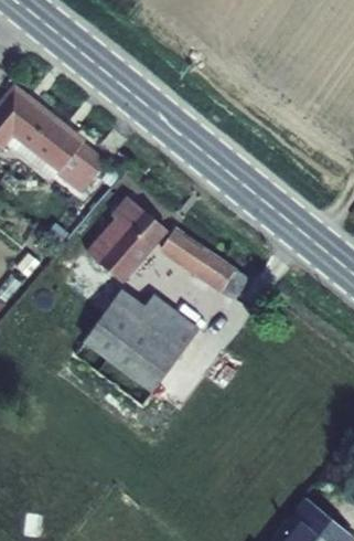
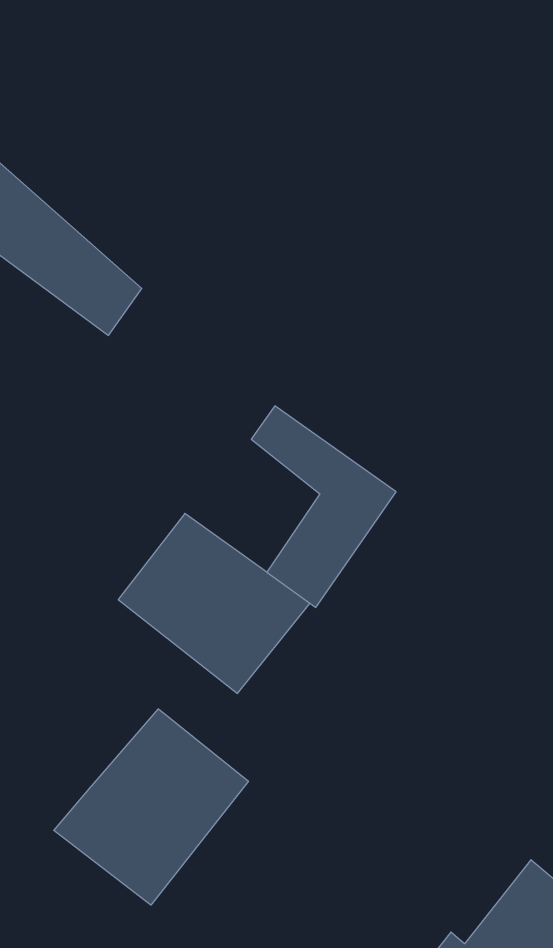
building: [85,195,164,280] -> none
building: none -> [54,709,248,905]

